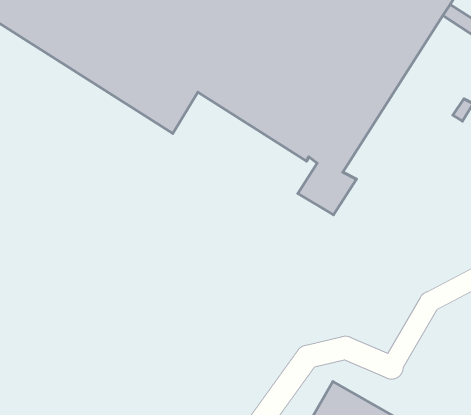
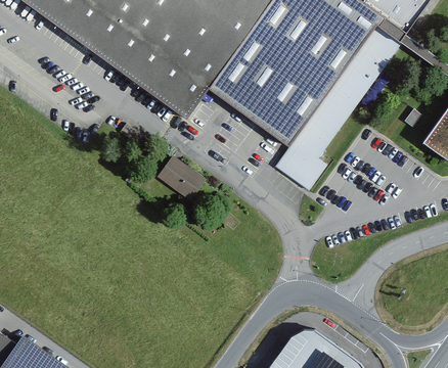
building: none -> [158,152,207,198]

